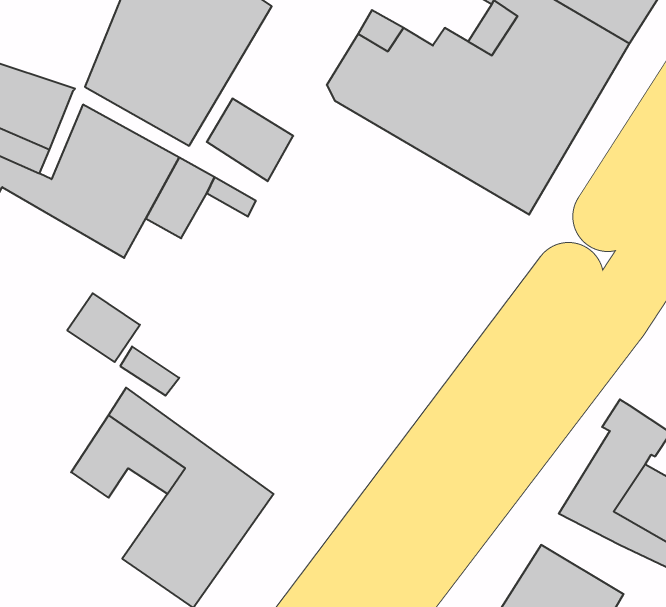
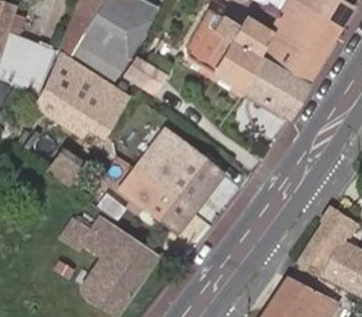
building: none -> [123,131,222,232]

